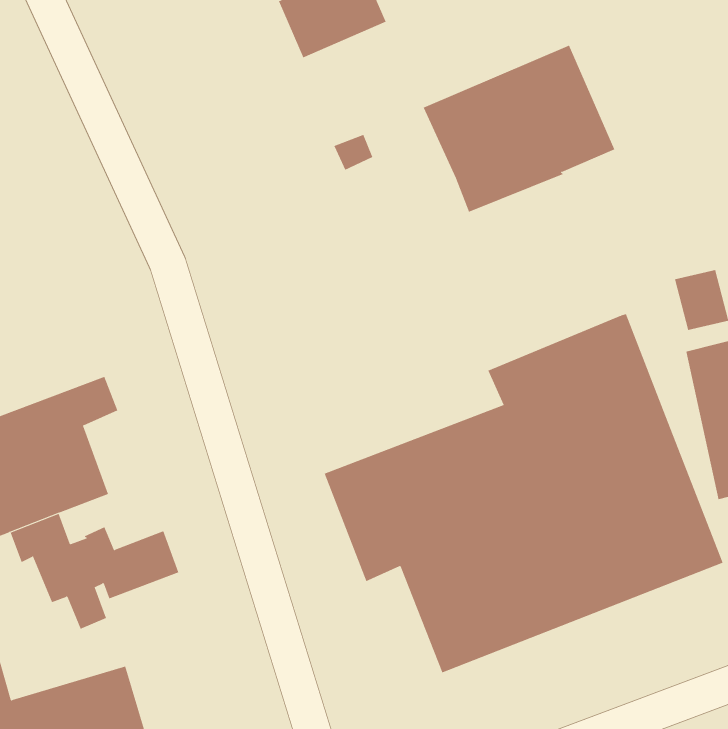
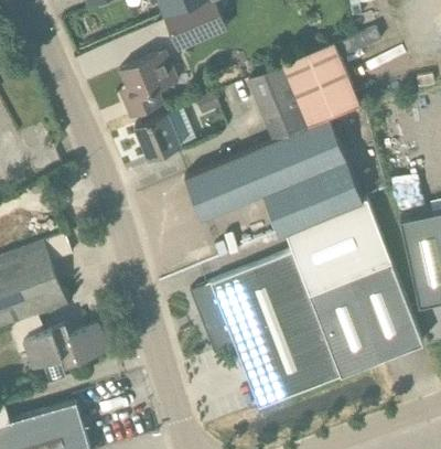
building: none -> [119,53,176,120]
building: none -> [133,114,180,160]
building: none -> [184,119,362,235]

